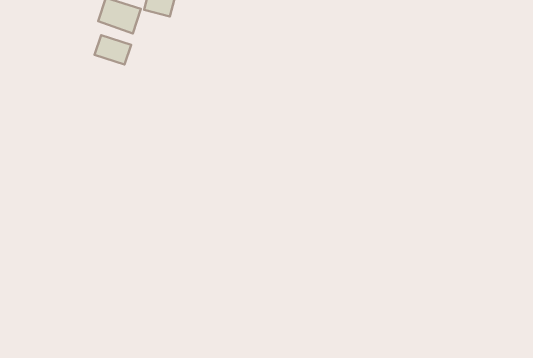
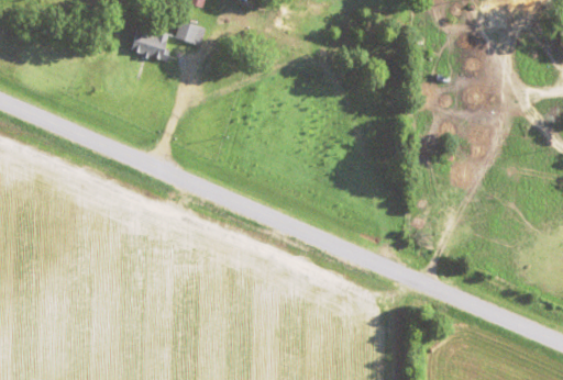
building: [95,35,131,64] -> none

